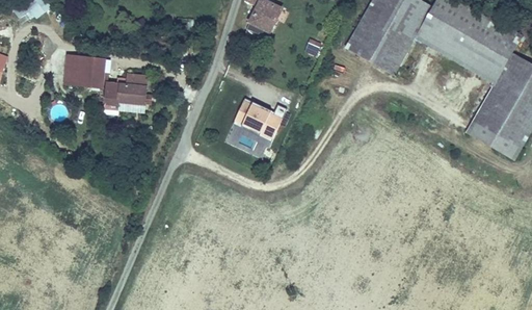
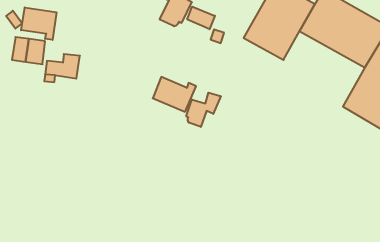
building: none -> [187,7,215,29]
building: none -> [21,7,56,40]
building: none -> [186,93,221,127]

